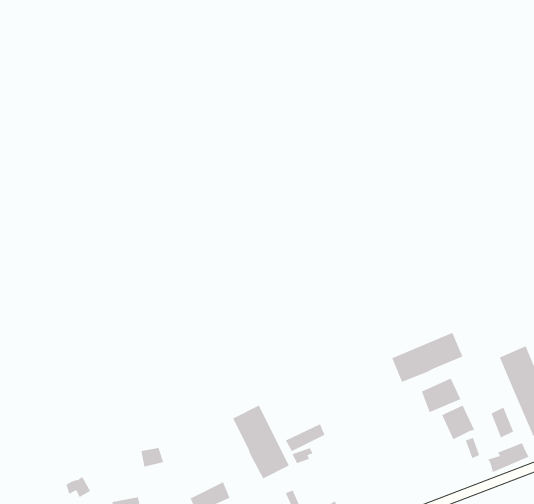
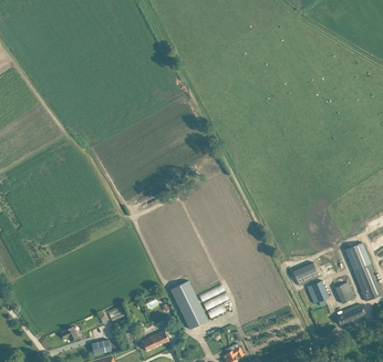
building: [391,332,464,383] -> none

